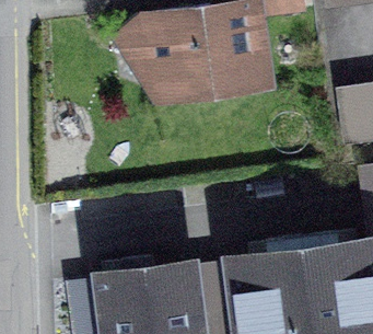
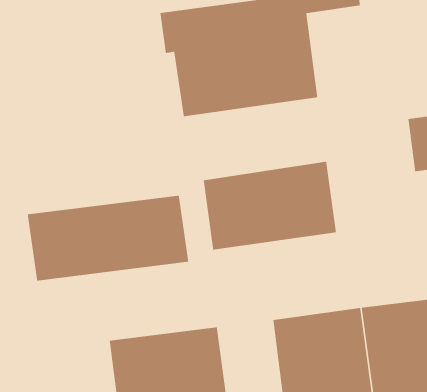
building: none -> [203,161,337,251]
building: none -> [27,195,189,281]

